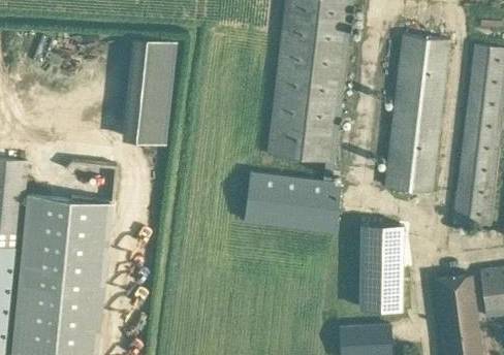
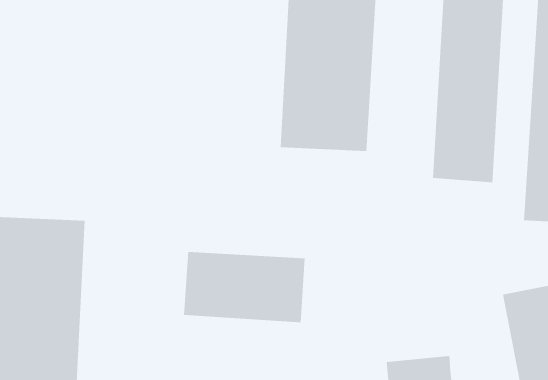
building: [121,36,175,143] -> none
building: [244,172,342,233] -> [183,252,306,323]
building: [360,225,404,309] -> none

